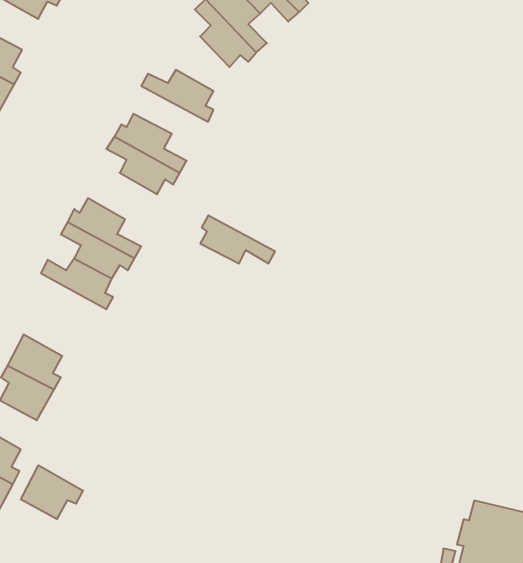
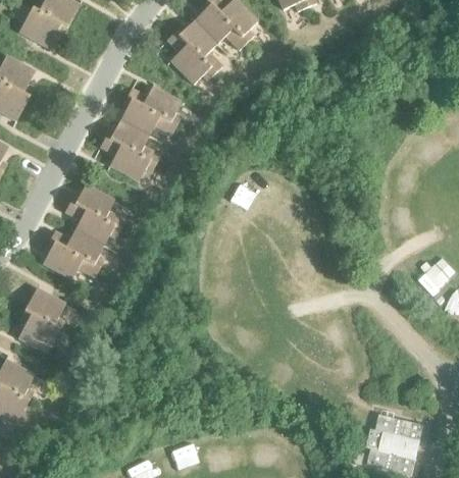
building: [200,215,275,264] -> [119,99,176,136]
building: none -> [42,242,99,280]
building: [21,465,83,519] -> none

